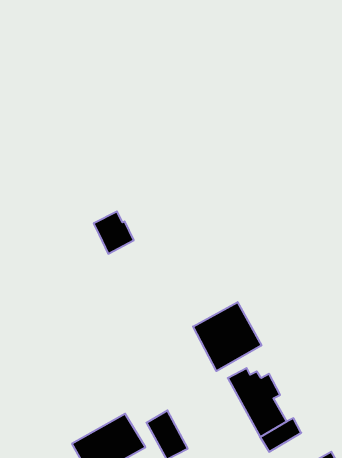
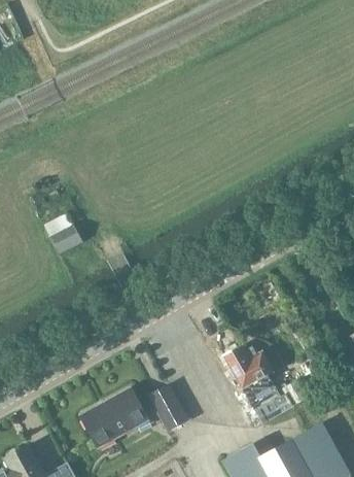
building: [94,211,134,254] -> [45,214,82,253]
building: [193,302,261,371] -> none

